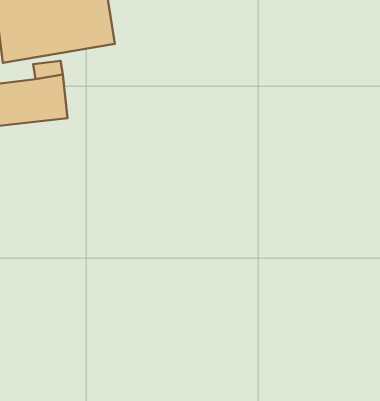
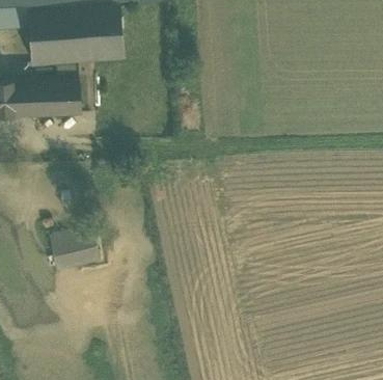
building: none -> [49,228,94,267]

